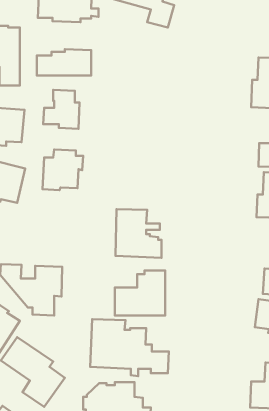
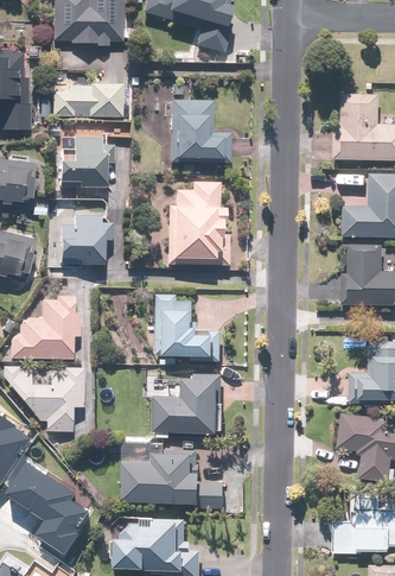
building: none -> [171,100,230,160]
building: none -> [167,181,229,266]
building: none -> [9,293,83,360]

